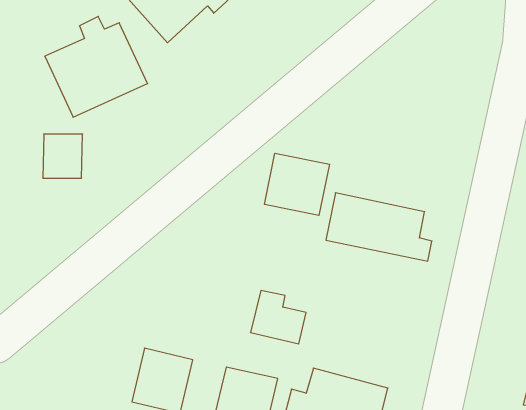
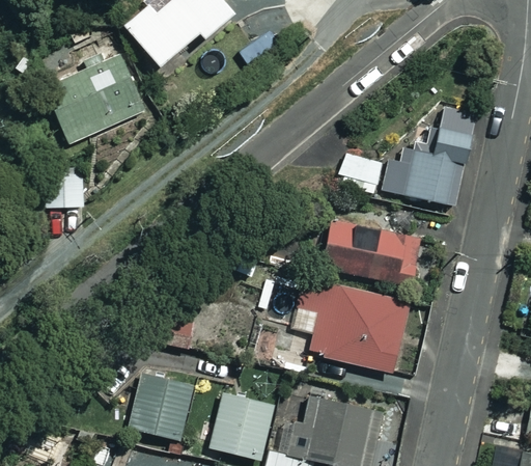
building: none -> [339,107,475,203]
building: [264,153,329,215] -> none
building: none -> [291,278,418,374]

